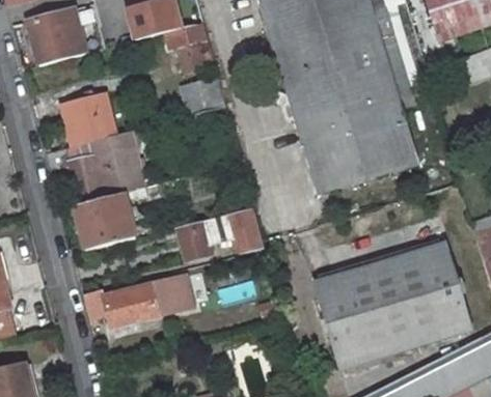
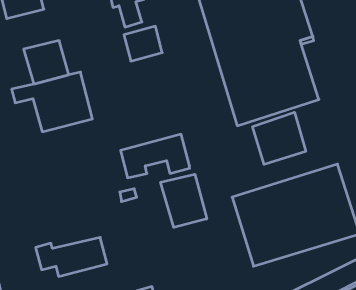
building: none -> [253,112,306,164]
building: [60,185,159,253] -> none
building: none -> [161,174,207,227]
building: [82,281,169,329] -> [36,237,107,276]

